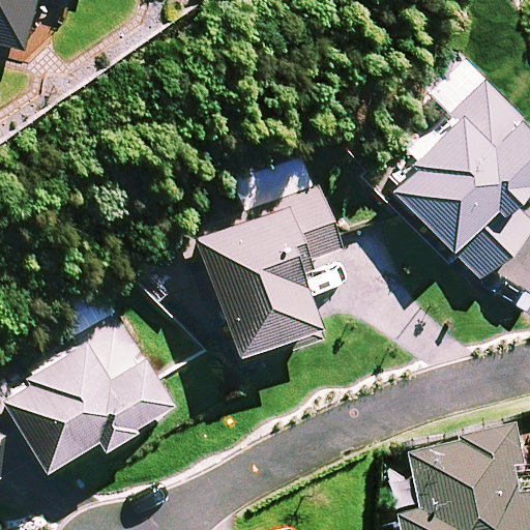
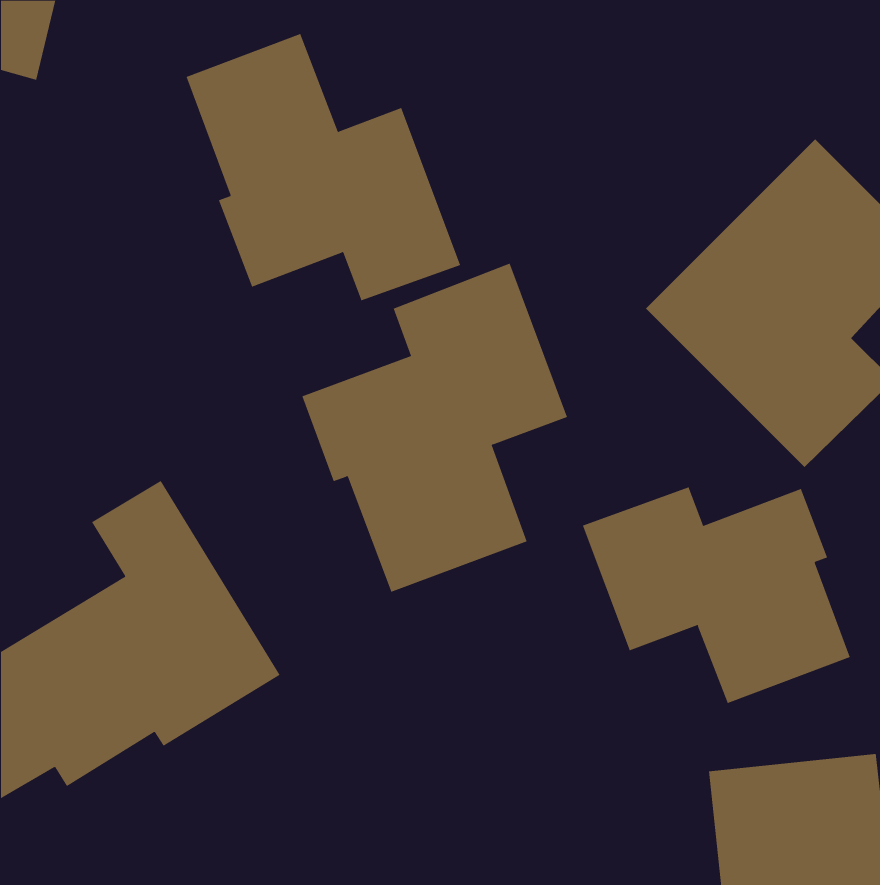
building: none -> [186,33,461,301]
building: none -> [582,486,850,704]

